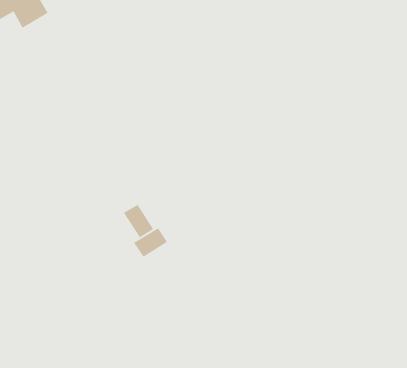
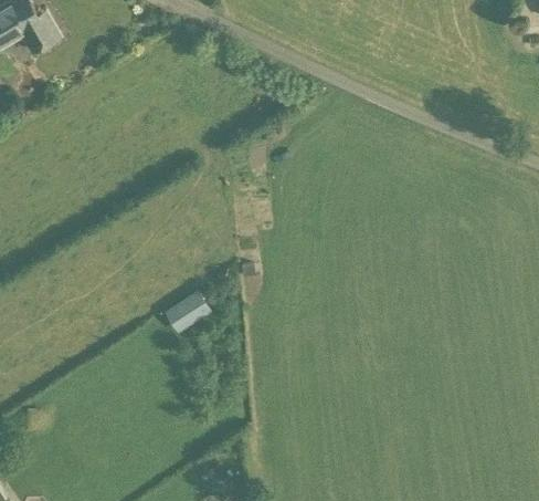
building: [123,204,154,238] -> none

